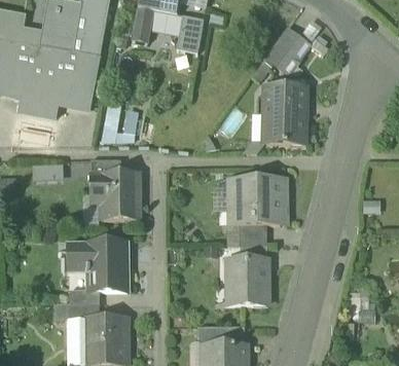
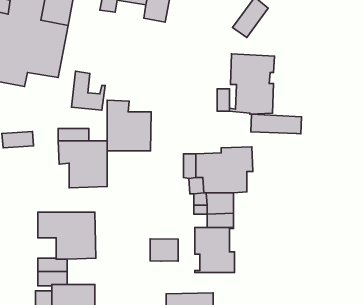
building: none -> [107,100,151,151]
building: none -> [251,114,301,134]
building: none -> [150,239,178,261]

